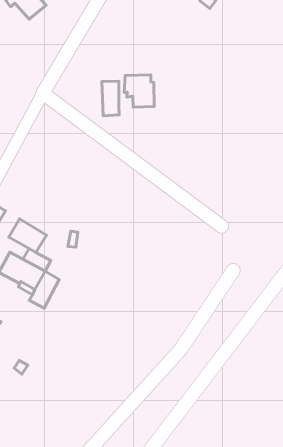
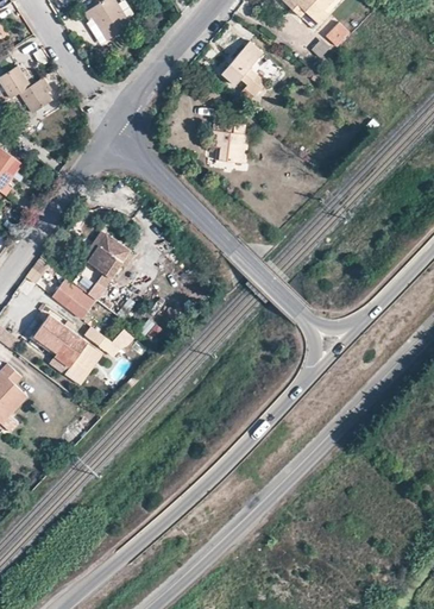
building: none -> [221,43,265,96]
building: [102,81,119,116] -> none
building: none -> [84,236,127,290]

